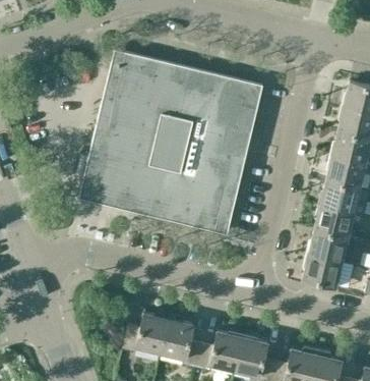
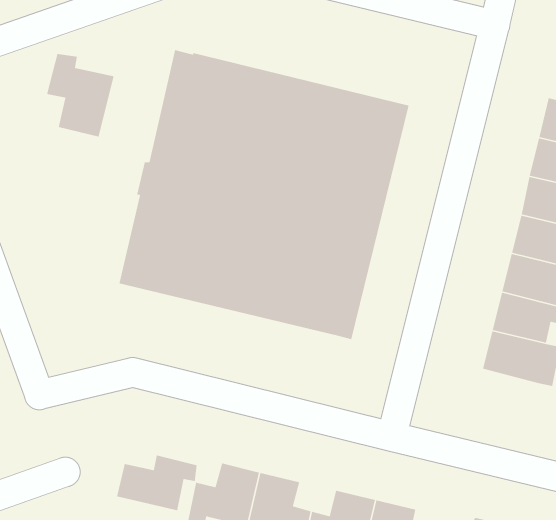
building: none -> [46,53,114,137]
building: [302,253,343,286] -> none
building: none -> [116,454,197,511]

